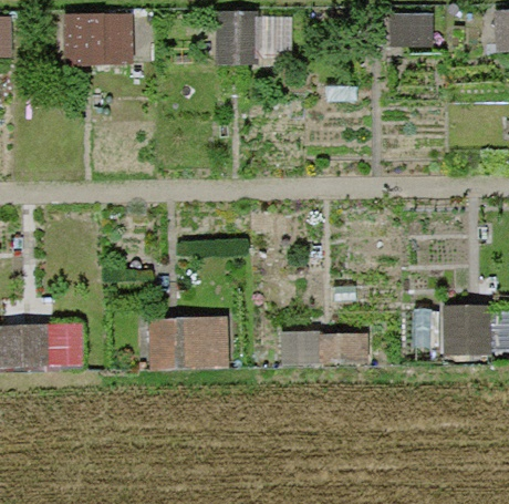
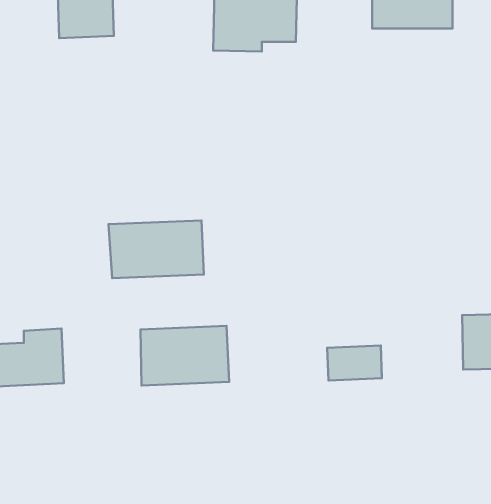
building: none -> [109,220,204,278]

